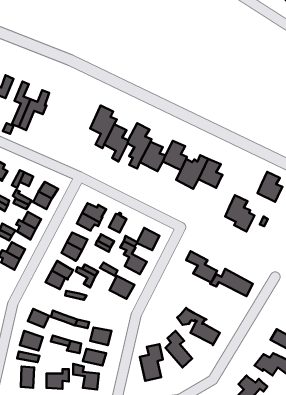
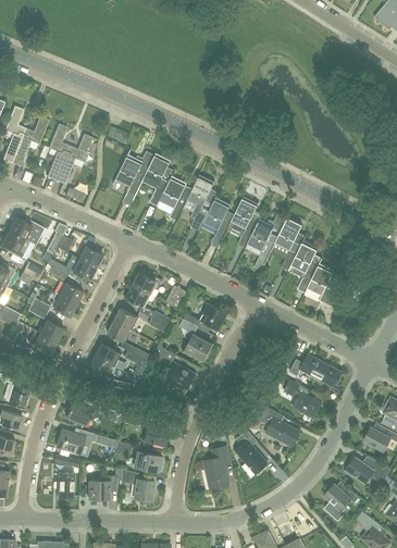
building: none -> [115,150,153,194]
building: [258,172,282,202] -> [290,239,321,276]
building: [186,251,217,282] -> [283,378,321,416]

